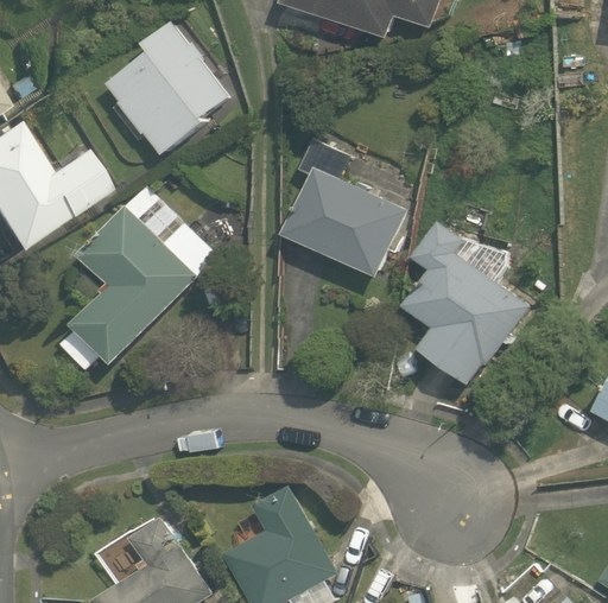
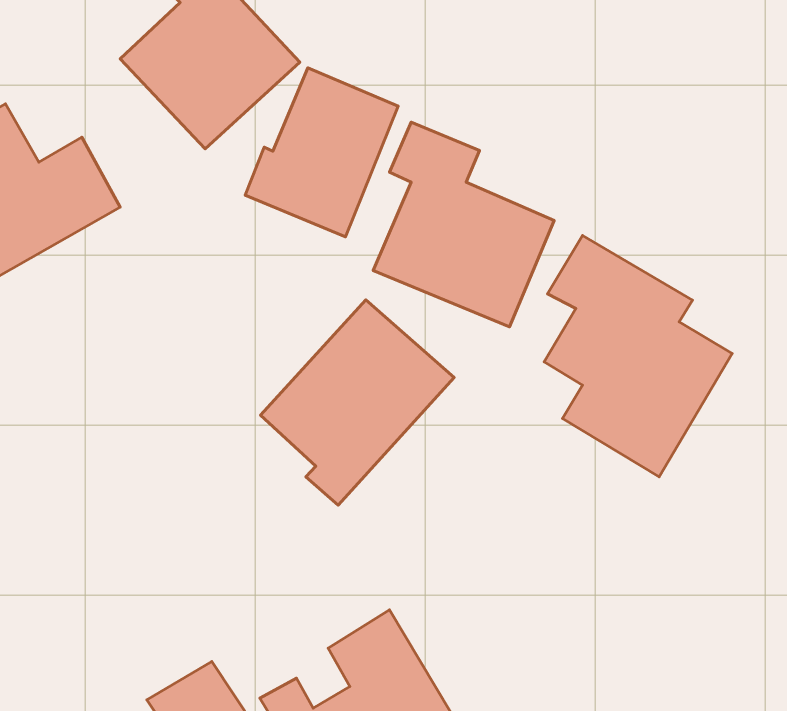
building: none -> [245,68,398,237]
building: [61,185,214,369] -> none
building: none -> [261,300,454,505]

